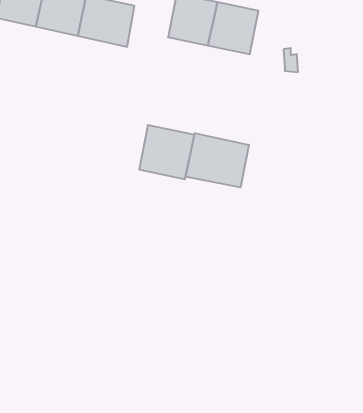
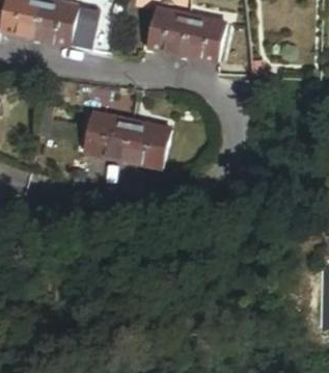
building: none -> [84,112,131,158]
building: [186,133,249,187] -> none

